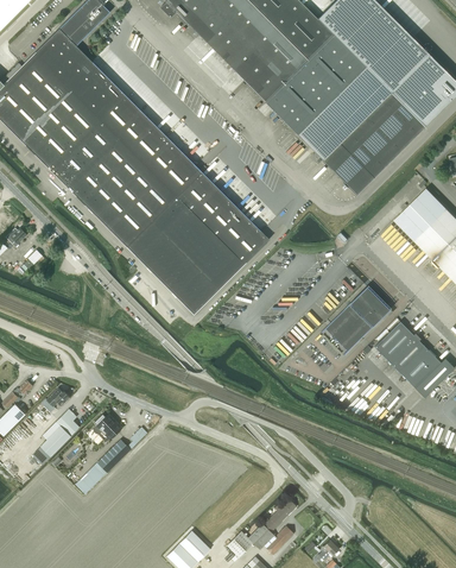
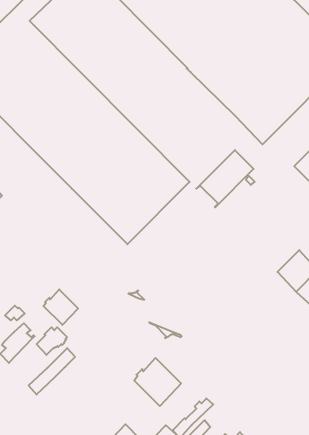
building: [321,286,390,355] -> [196,150,254,207]
building: none -> [43,289,78,325]
building: none -> [134,358,181,406]

